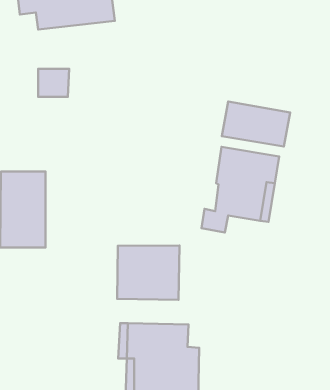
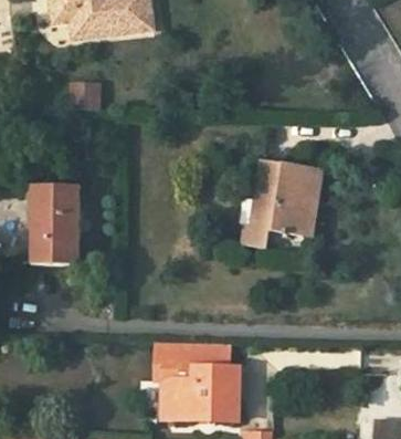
building: [222,101,290,147] -> none
building: [117,246,180,300] -> none

